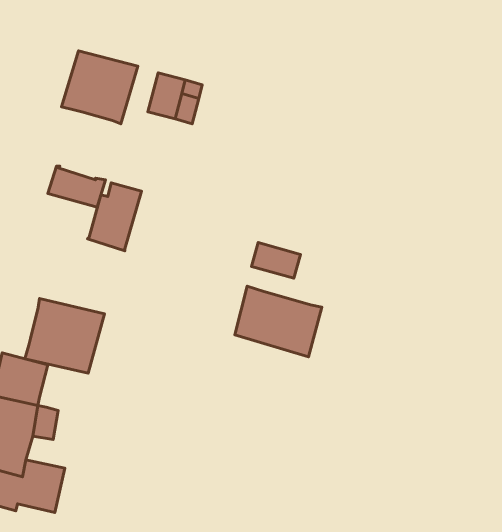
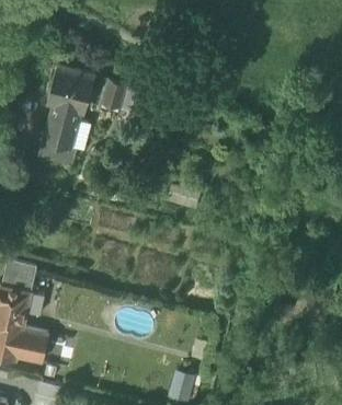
building: [87,183,142,251] -> [44,104,79,148]
building: [235,286,322,357] -> none
building: [25,299,104,373] -> none

